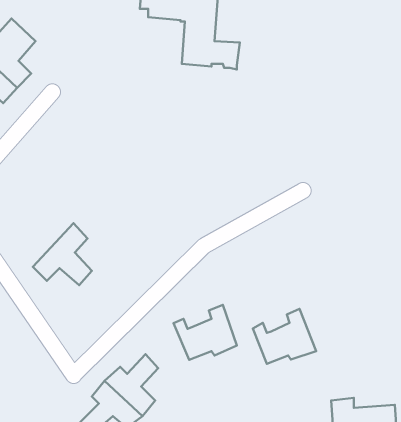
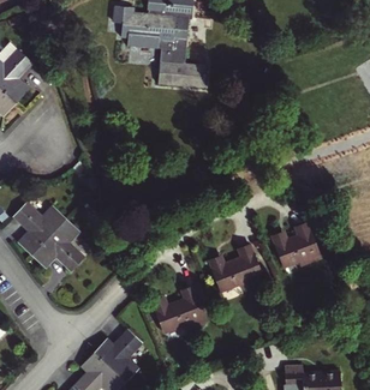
building: none -> [14,204,66,256]
building: none -> [273,224,320,269]
building: [253,309,316,364] -> [209,246,263,293]

